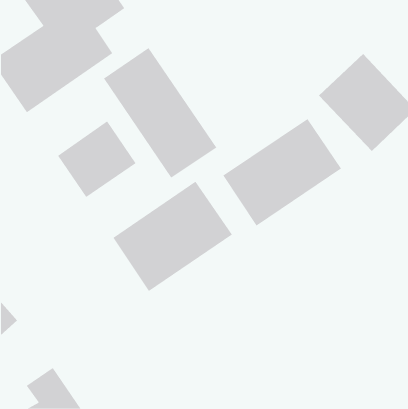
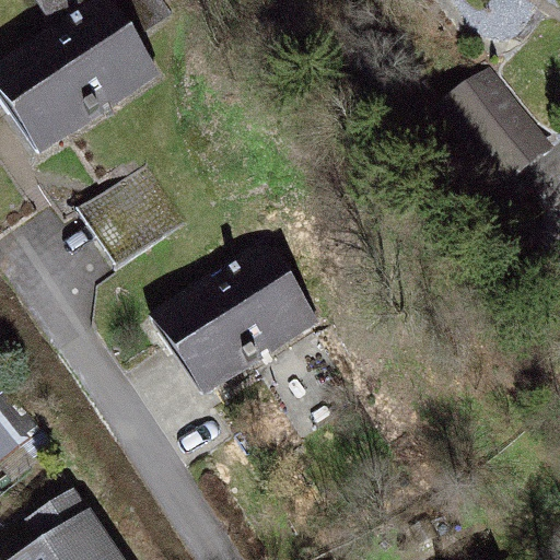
building: [103,47,217,179] -> none
building: [223,118,342,227] -> none

